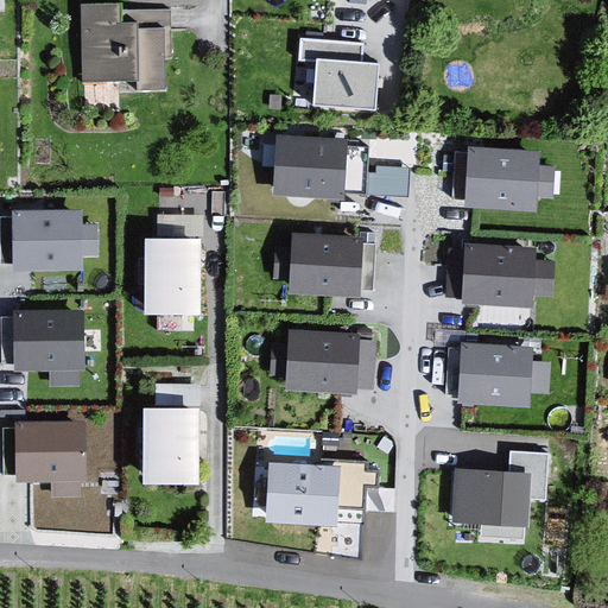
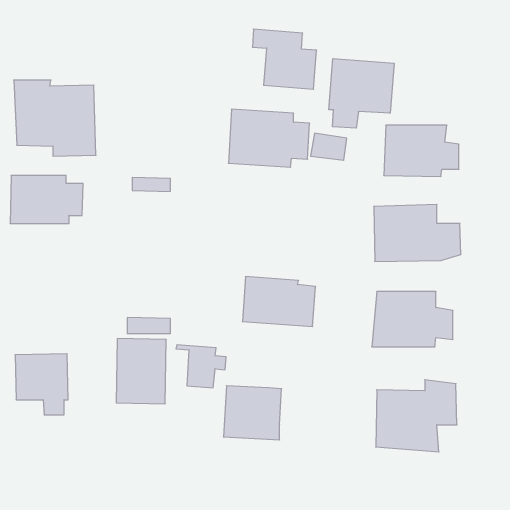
building: [77,11,175,101] -> [14,80,96,156]
building: none -> [329,59,394,128]
building: [141,234,203,314] -> none
building: [289,234,365,294] -> none
building: [18,309,83,384] -> none
building: [321,457,380,508] -> [176,345,226,388]

